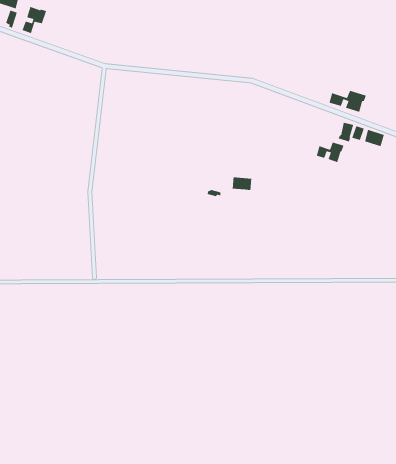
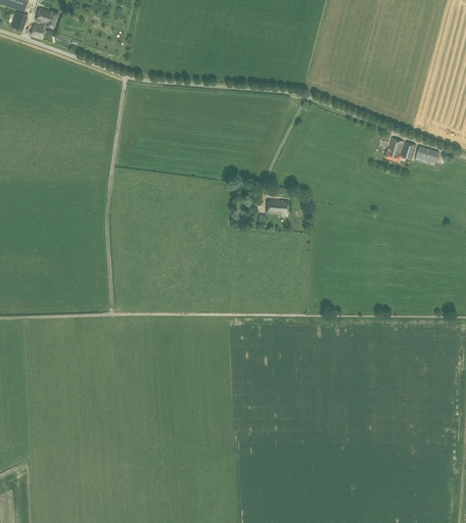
building: [328,90,367,113] -> none
building: [316,141,345,163] -> none

